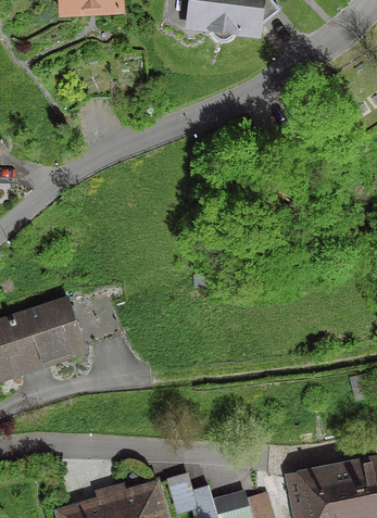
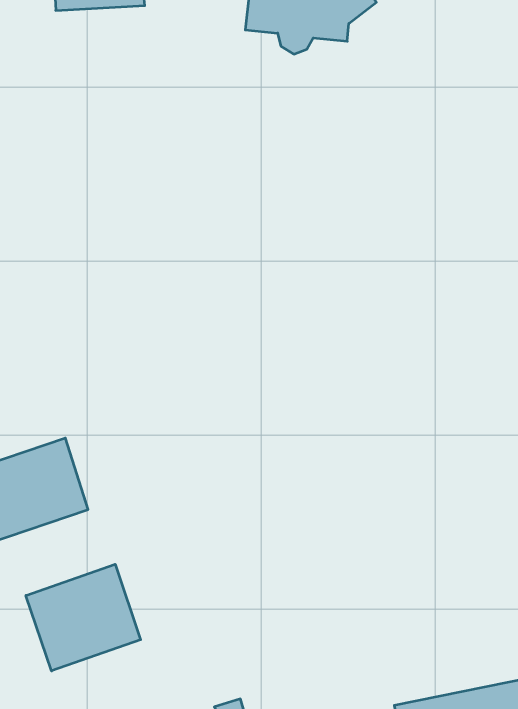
building: none -> [26,564,141,671]

